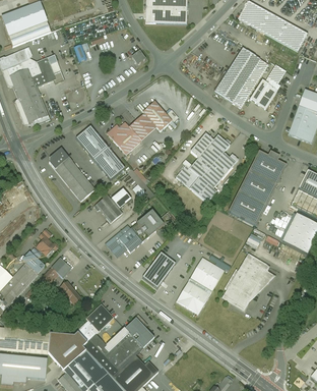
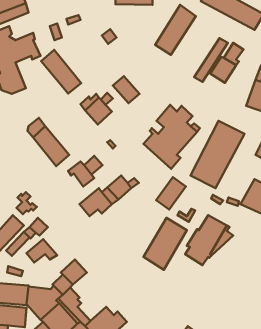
building: [214,47,259,102] -> [155,5,196,55]
building: [79,128,123,176] -> [41,50,81,93]
building: [142,252,175,287] -> [156,177,186,210]
building: [104,315,153,370] -> none

